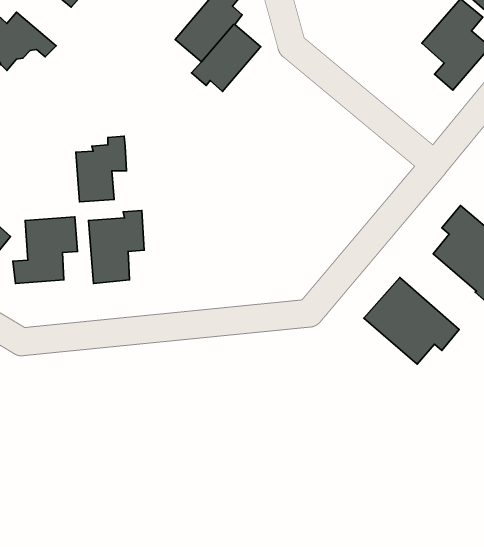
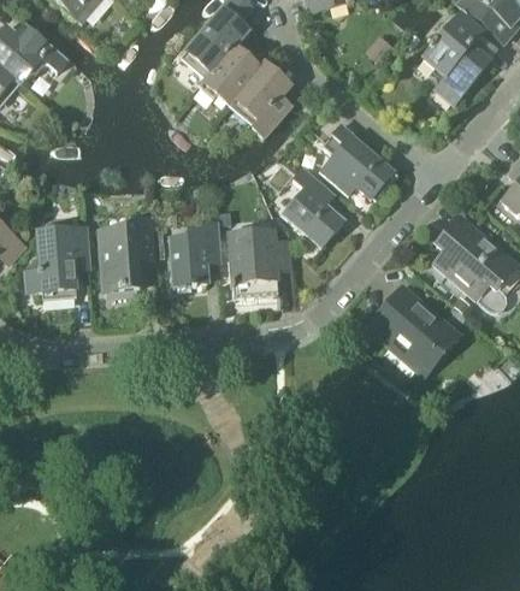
building: none -> [234,63,290,137]
building: none -> [320,124,392,197]
building: [76,136,127,202] -> [170,221,219,285]
building: none -> [282,167,343,247]
building: none -> [229,230,290,296]

